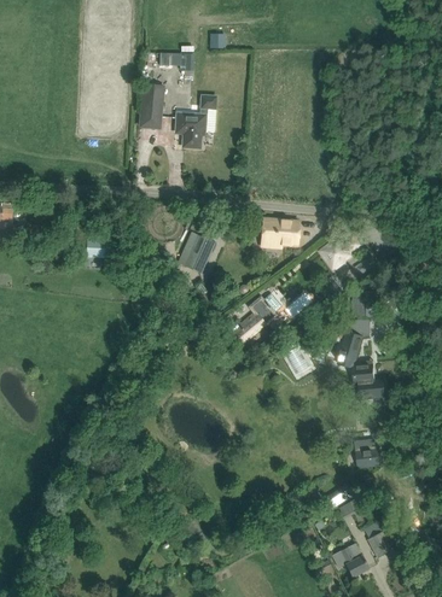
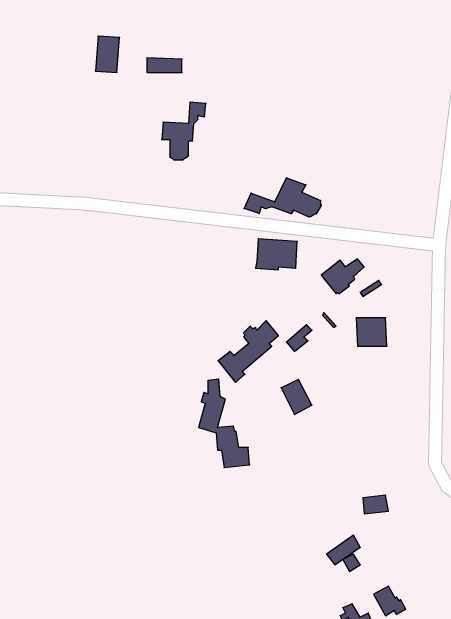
building: [141,84,163,117] -> [95,36,120,72]
building: none -> [244,178,321,217]
building: [178,232,215,273] -> none
building: [338,320,384,399] -> [199,379,250,468]

